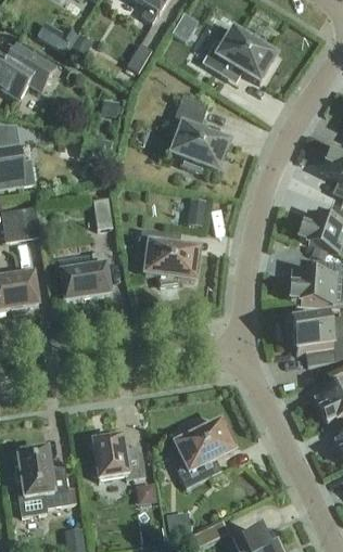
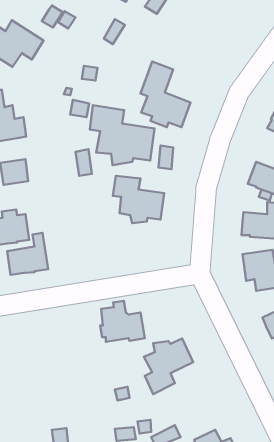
building: [203,28,277,81] -> none
building: none -> [90,105,154,165]
building: [61,249,110,299] -> [7,233,48,275]
building: [92,431,145,479] -> [100,301,145,342]
building: [14,448,71,516] -> none

